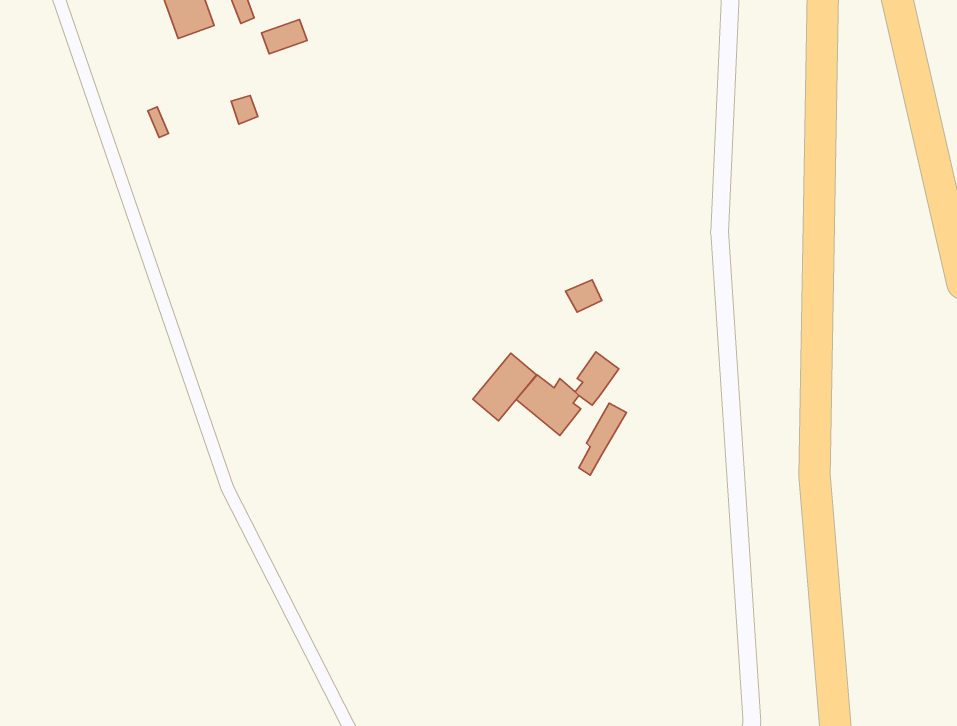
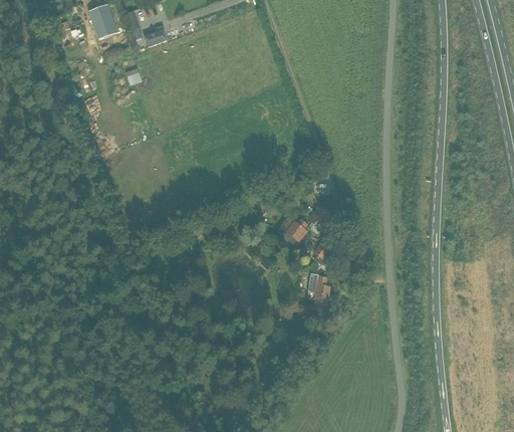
building: [473,353,536,421] -> none
building: none -> [306,272,329,309]

